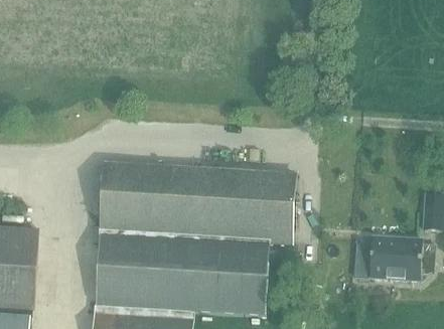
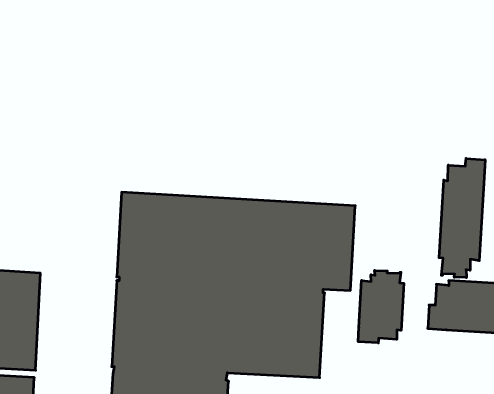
building: none -> [439,158,485,278]
building: none -> [358,270,404,343]

